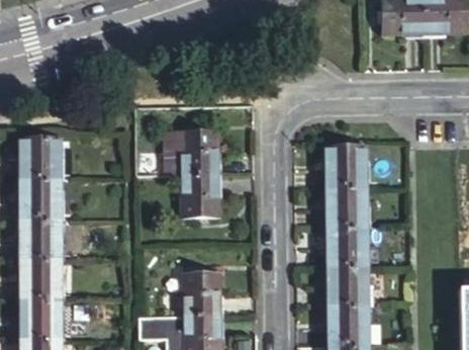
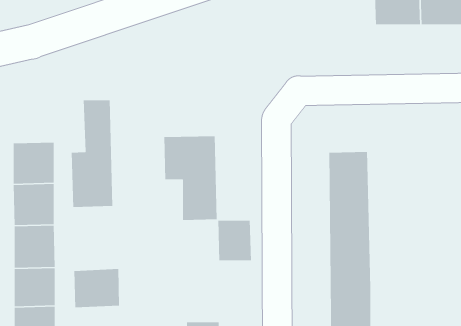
building: none -> [71,99,113,208]
building: none -> [74,268,120,308]
building: [187,275,220,316] -> [217,220,252,261]

